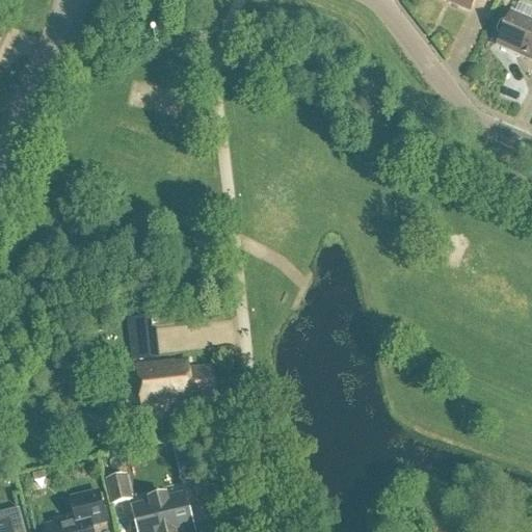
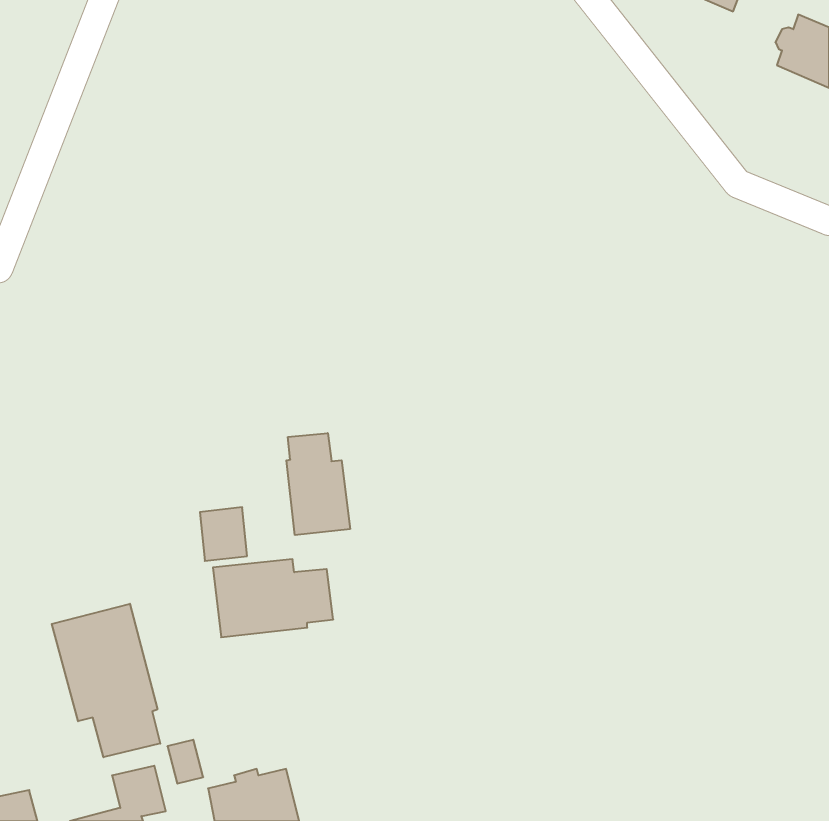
building: none -> [286,433,350,535]
building: none -> [52,604,160,757]

